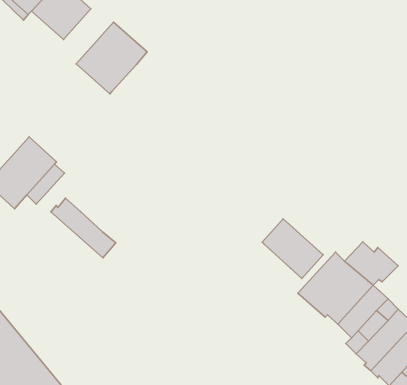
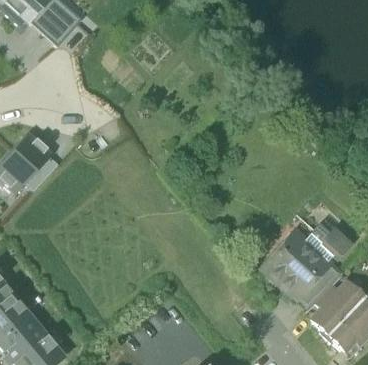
building: [76,22,147,94] -> none
building: [51,198,116,258] -> none
building: [262,219,323,279] -> none

